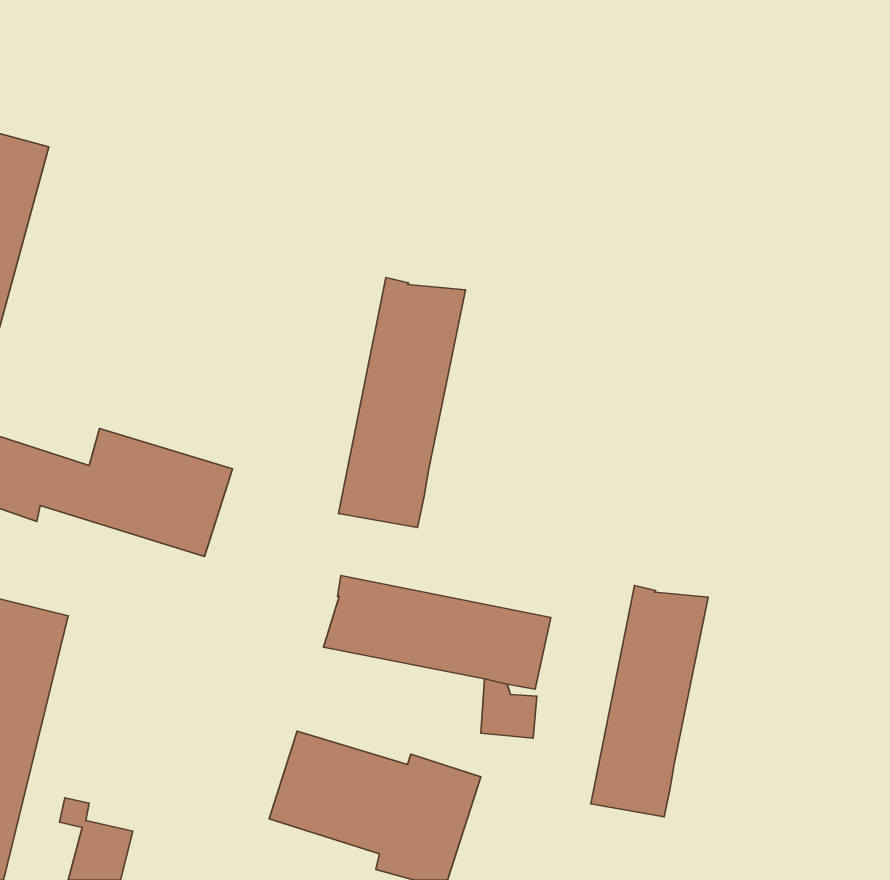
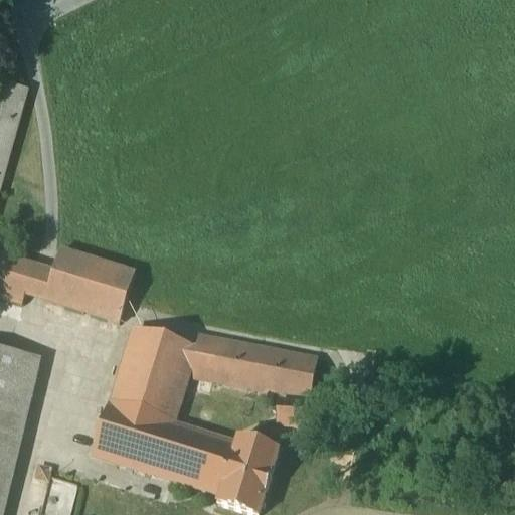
building: [339,277,465,528] -> none
building: none -> [91,324,195,471]
building: [591,586,708,817] -> none

